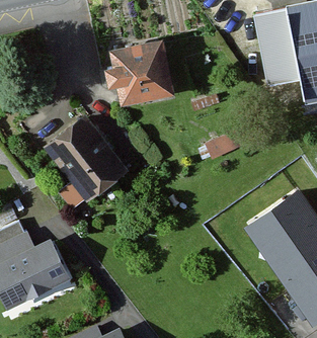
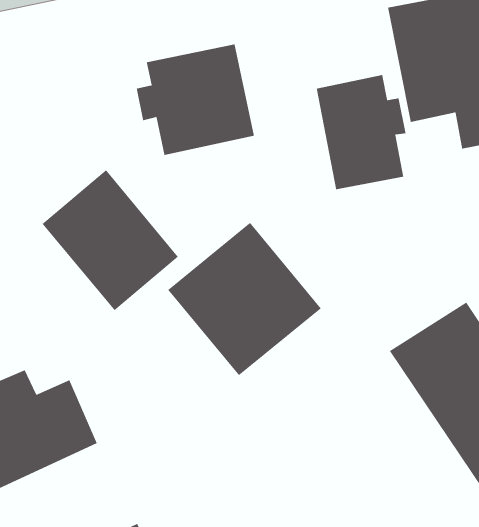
building: none -> [316,74,406,190]
building: none -> [167,222,322,376]

